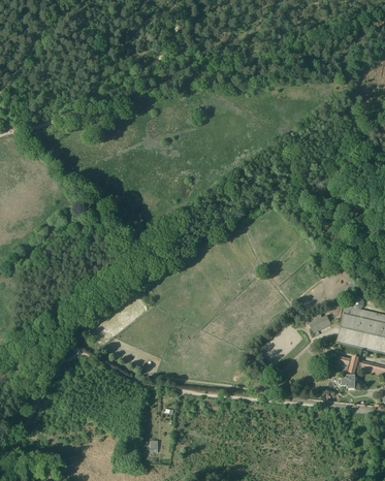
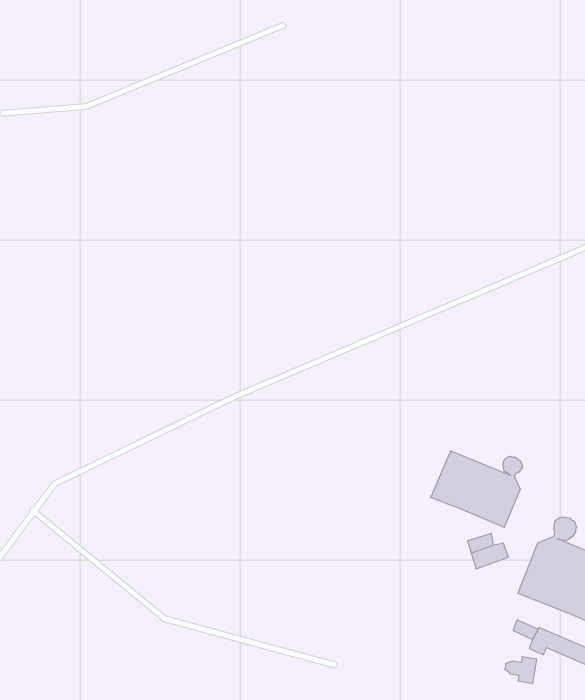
building: none -> [431,451,522,528]

